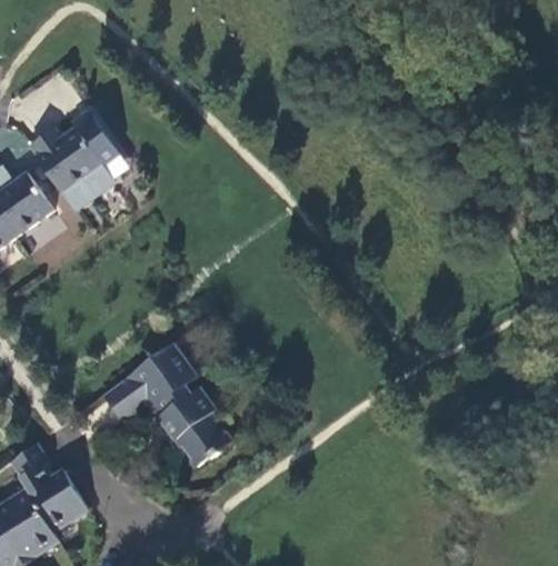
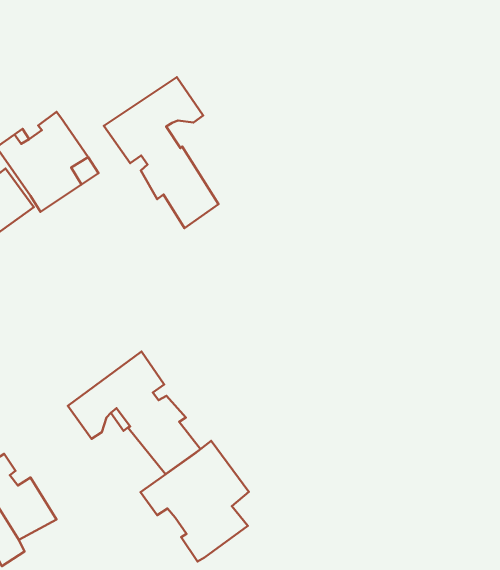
building: none -> [104,77,218,228]
building: none -> [140,441,249,562]

